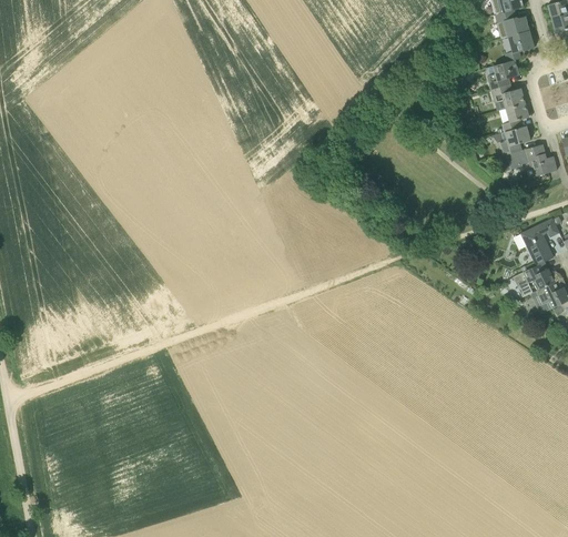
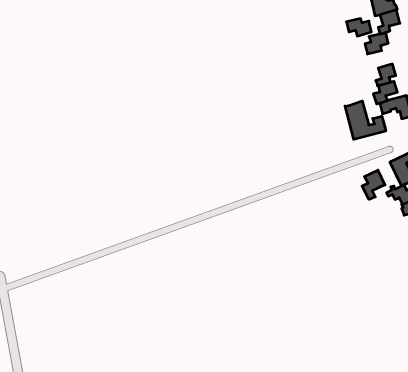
building: [490,84,524,108] -> [346,19,371,36]
building: none -> [345,101,386,139]
building: none -> [362,170,385,199]

